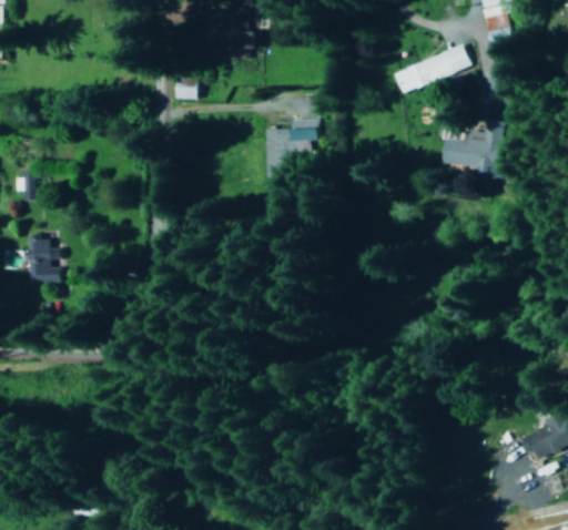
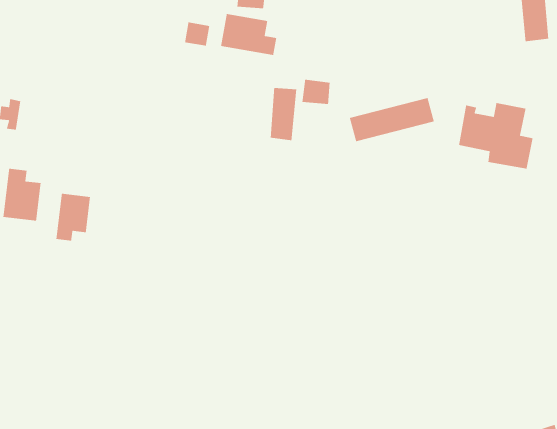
building: [394,43,474,93] -> [349,97,435,142]
building: none -> [220,13,277,56]
building: none -> [56,193,91,241]

